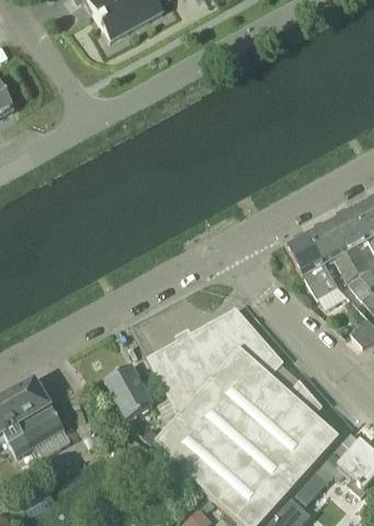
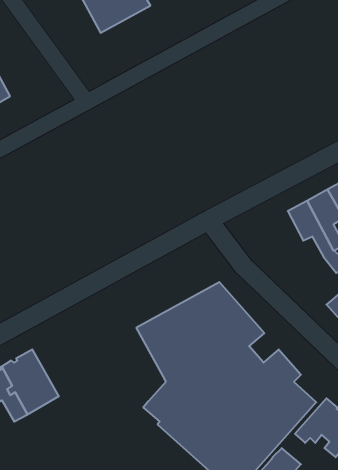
building: [287,231,338,297] -> none
building: [106,365,154,419] -> none

